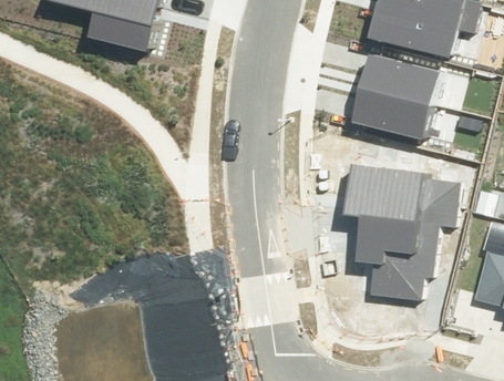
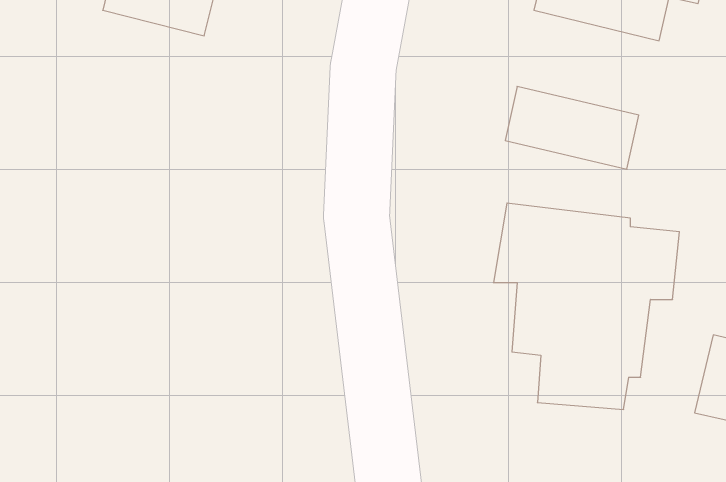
building: [357,54,445,106] -> none

